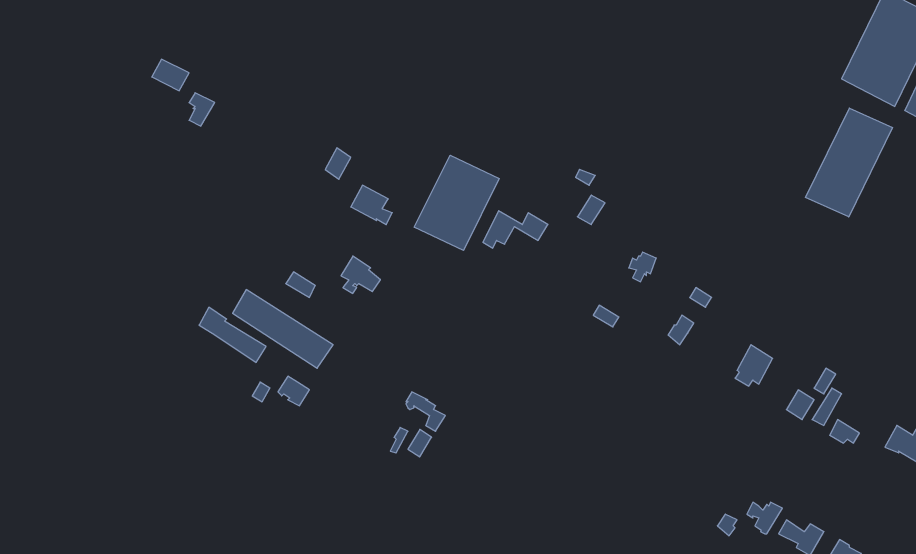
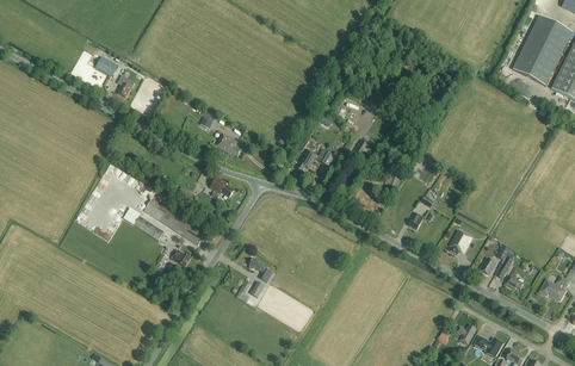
building: [806,108,893,217] -> none
building: [414,155,499,250] -> none

